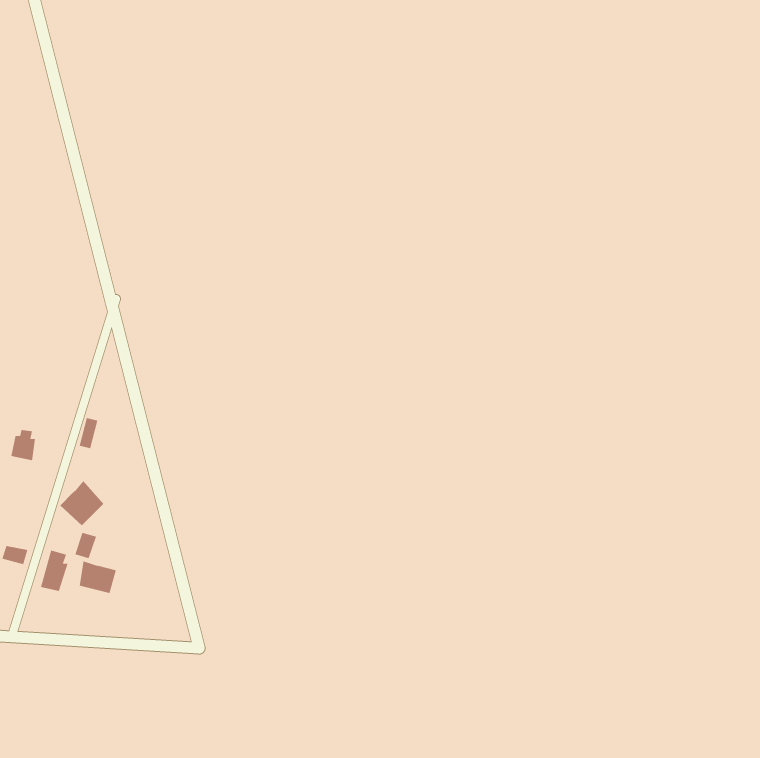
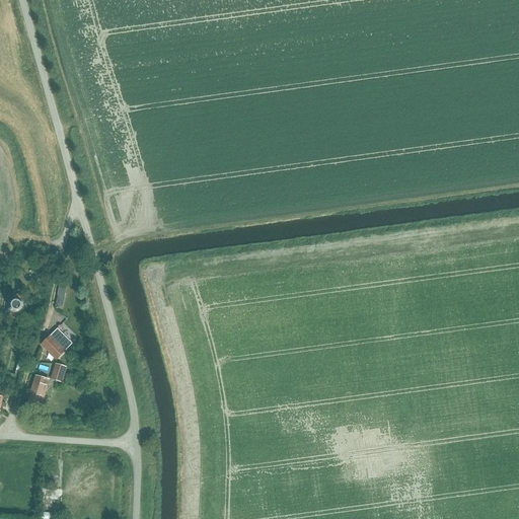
building: [79,561,117,594] -> none

